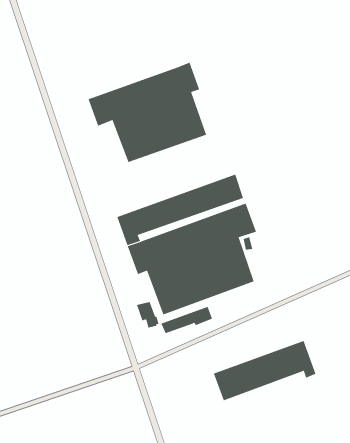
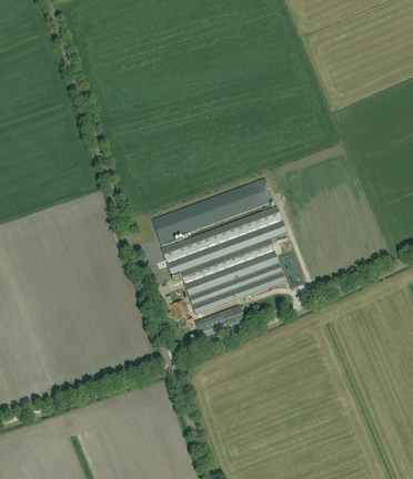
building: [88,62,207,163] -> none
building: [213,340,316,401] -> none

